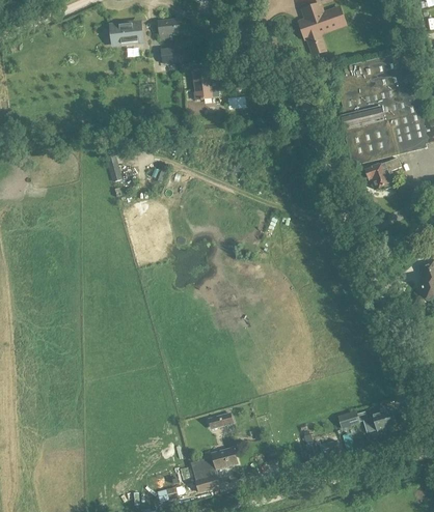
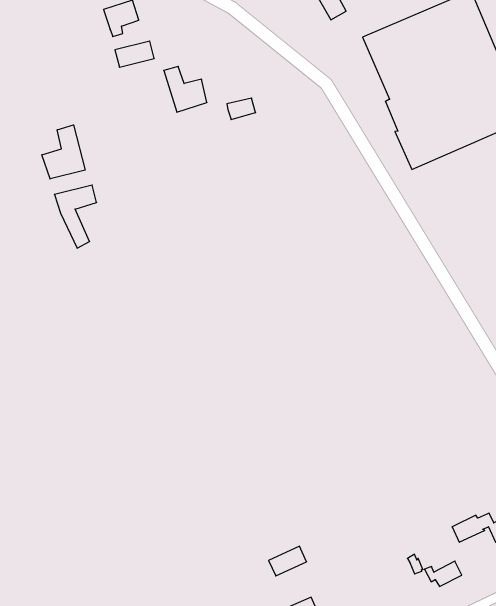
building: [109,21,139,45] -> none
building: none -> [42,125,85,179]
building: [364,159,400,189] -> none

